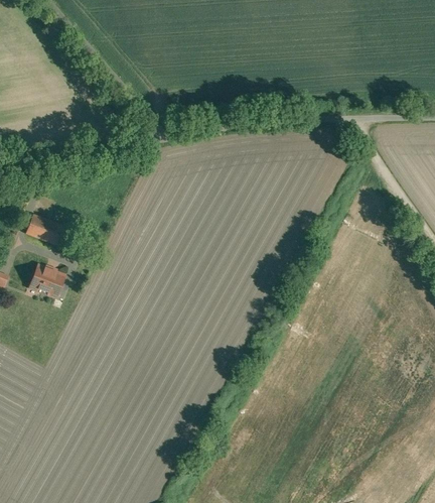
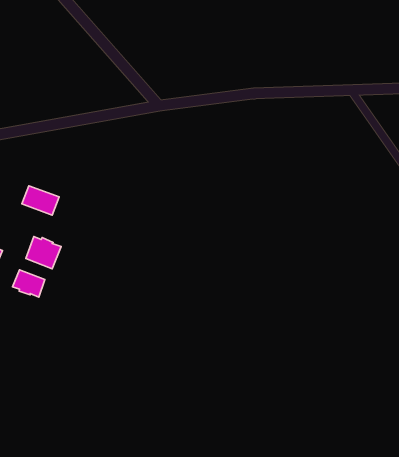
building: none -> [12,270,45,297]

